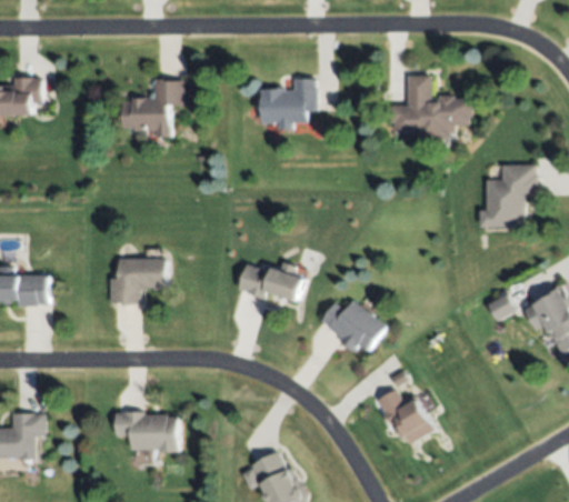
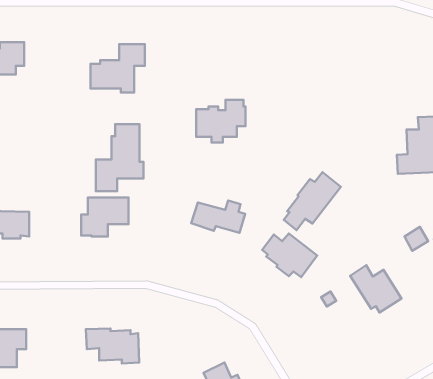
building: [392,76,473,140] -> none
building: [260,79,318,129] -> [196,100,246,142]
building: none -> [96,124,143,191]
building: none -> [284,172,341,230]
building: [376,390,436,445] -> [350,265,401,313]

